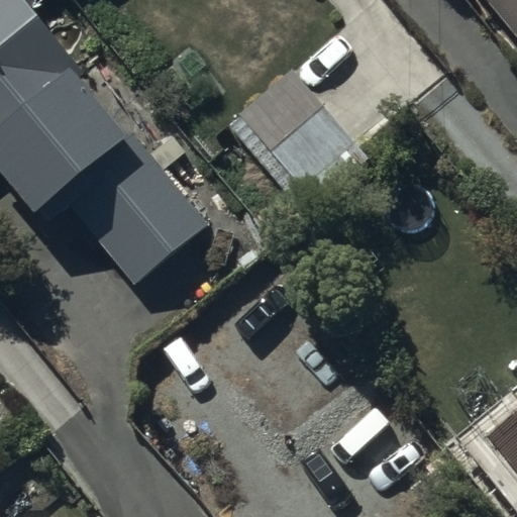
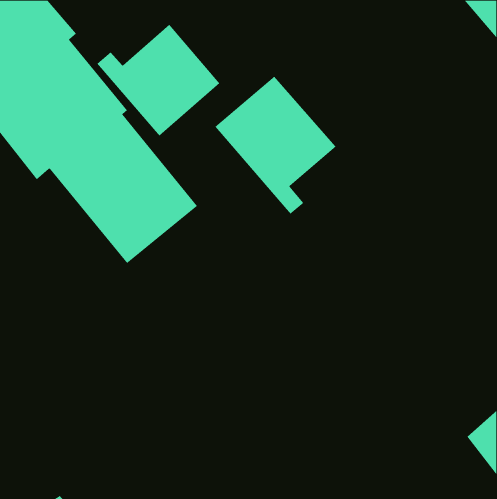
building: none -> [96,24,220,137]

